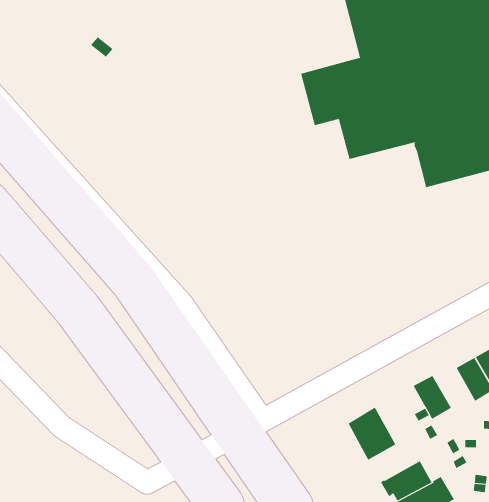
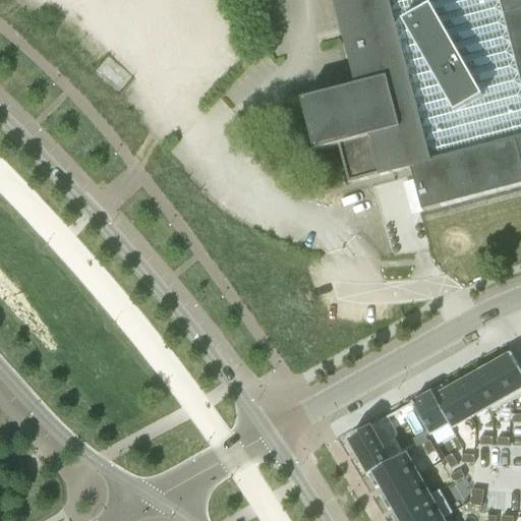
building: none -> [430,383,471,426]
building: none -> [367,450,418,490]

